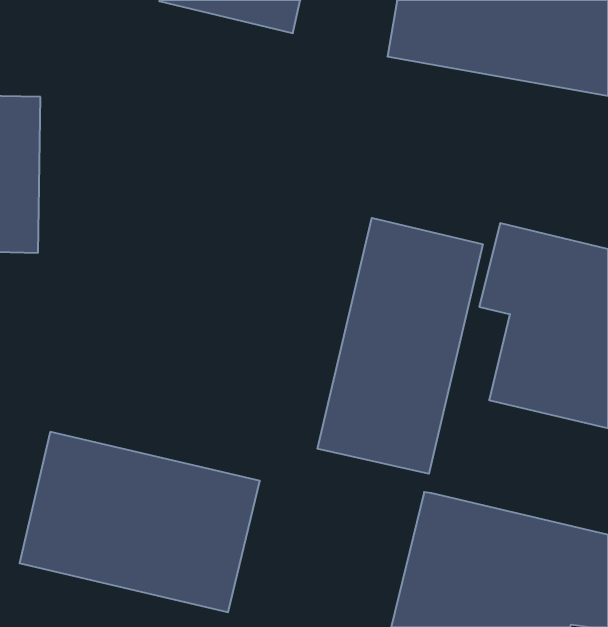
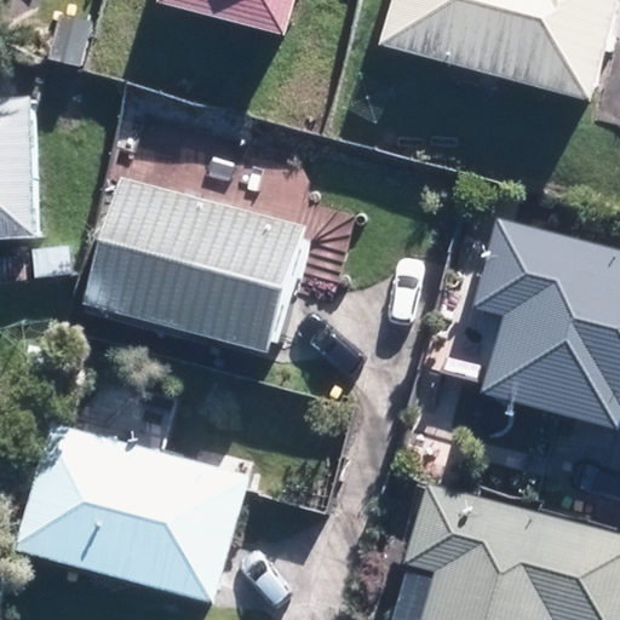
building: none -> [88,178,310,351]
building: [317,218,483,474] -> none

